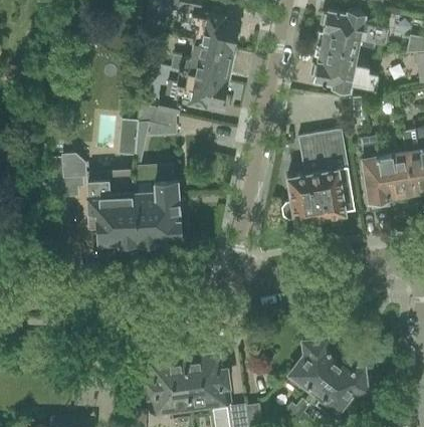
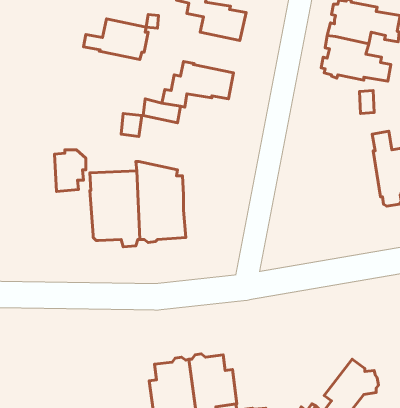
building: [174,41,236,80] -> [84,19,148,59]
building: [282,130,357,221] -> none
building: [285,337,343,395] -> none

